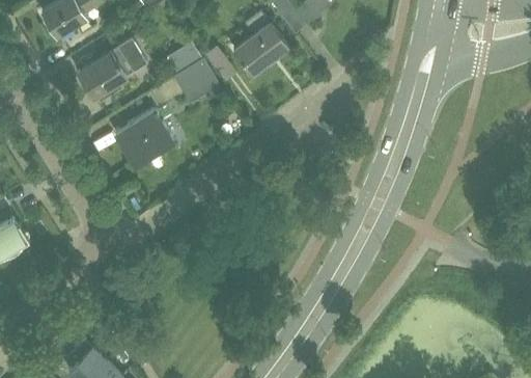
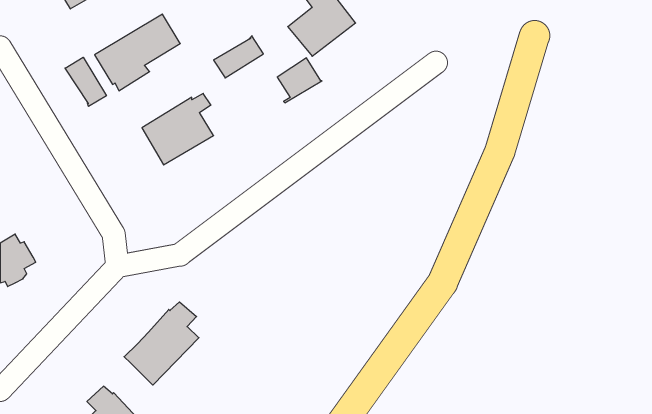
building: [167,43,203,79] -> [277,58,322,103]
building: none -> [65,57,106,106]
building: none -> [124,302,199,385]

